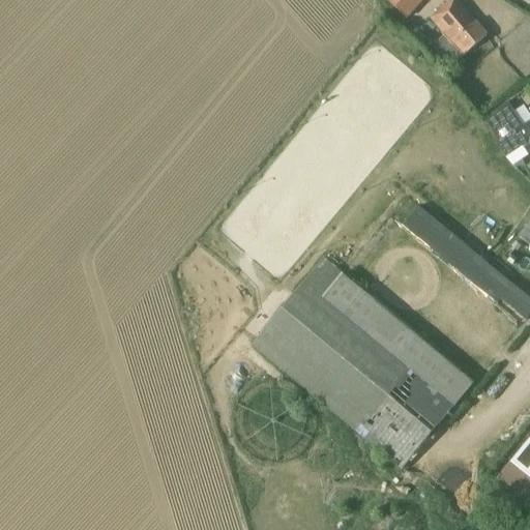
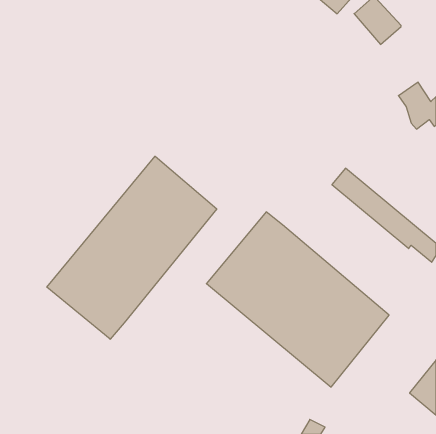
building: none -> [47,156,217,339]

